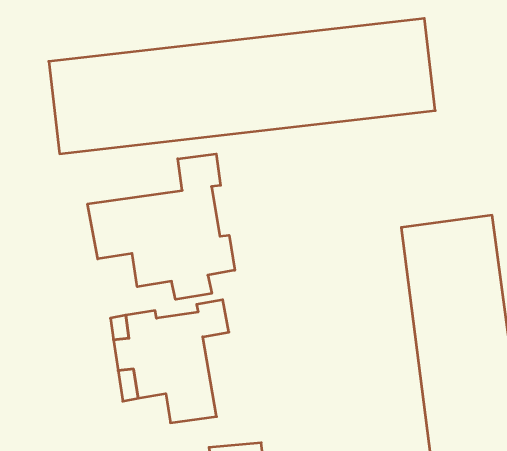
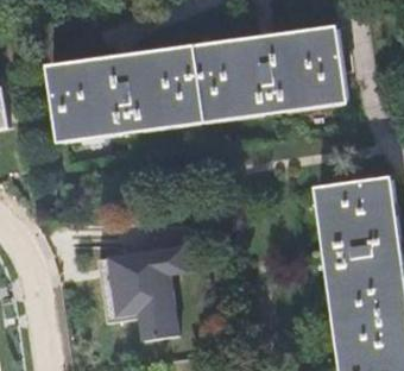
building: [88,154,235,299] -> none

